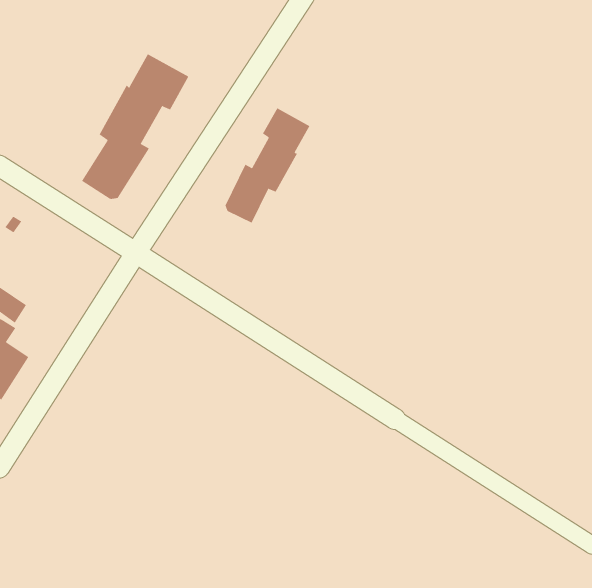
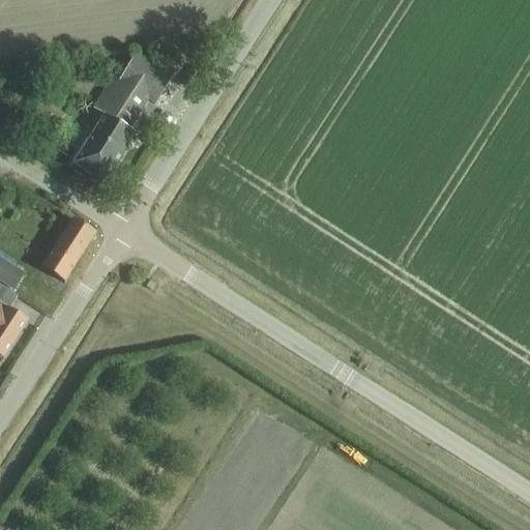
building: [225,108,310,223] -> none
building: none -> [39,216,94,281]

